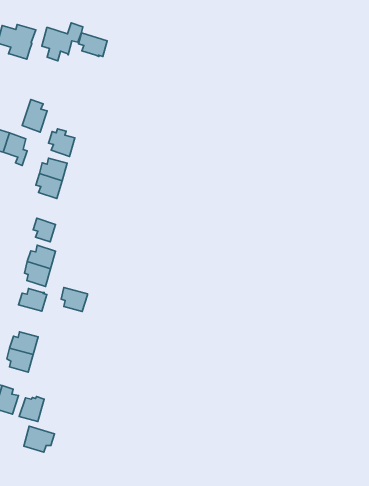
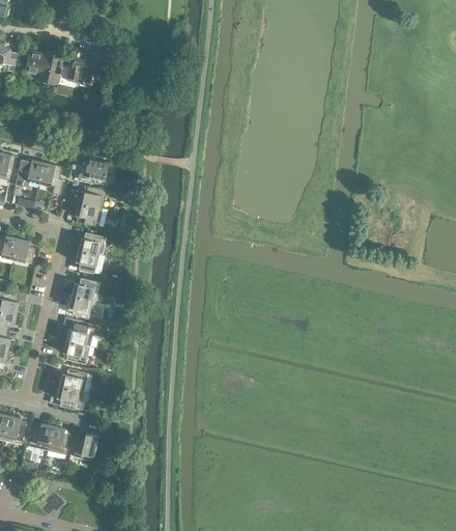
building: [78,33,107,57] -> none
building: [22,99,47,132] -> none
building: none -> [78,232,106,255]
building: [61,287,87,312] -> [62,340,89,364]
building: [24,426,55,452] -> none

